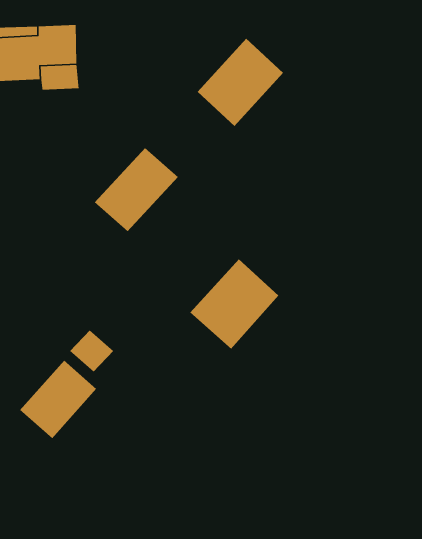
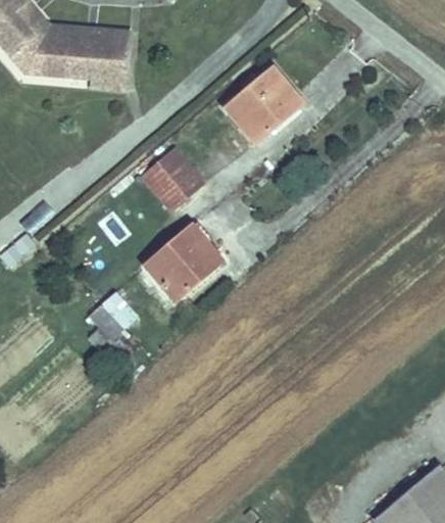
building: [189,259,279,349] -> [144,225,224,302]
building: [19,360,97,439] -> none

